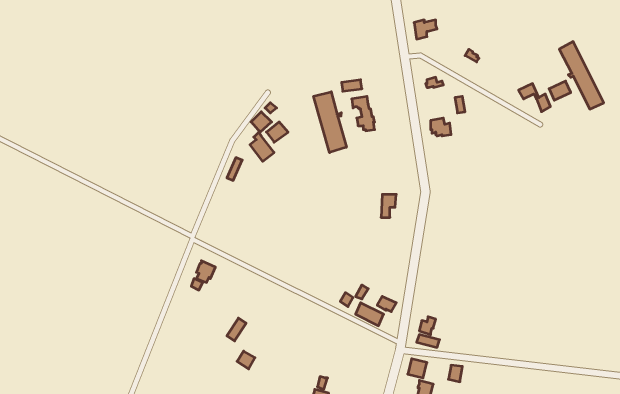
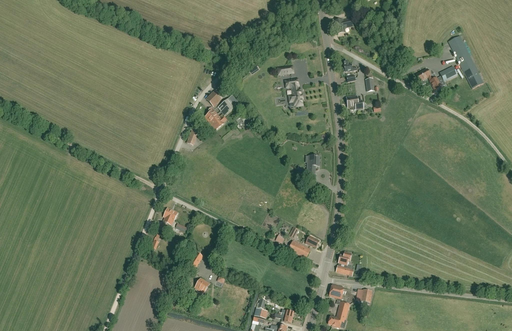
building: [314,92,346,153] -> none

